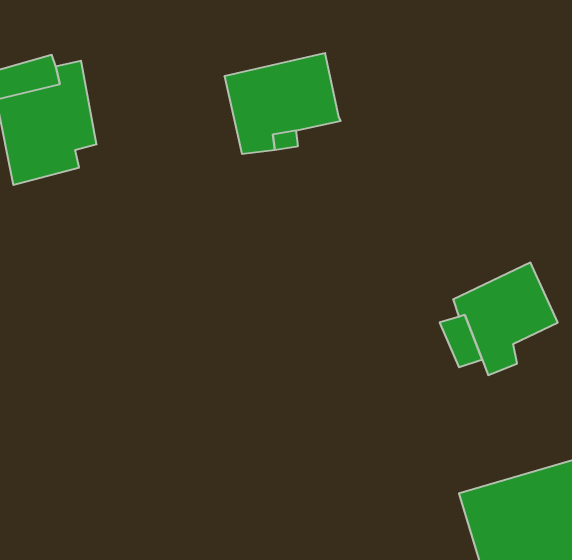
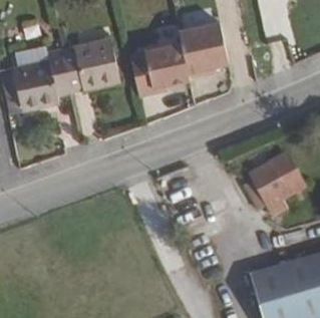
building: none -> [179,22,227,77]
building: none -> [54,36,116,91]

